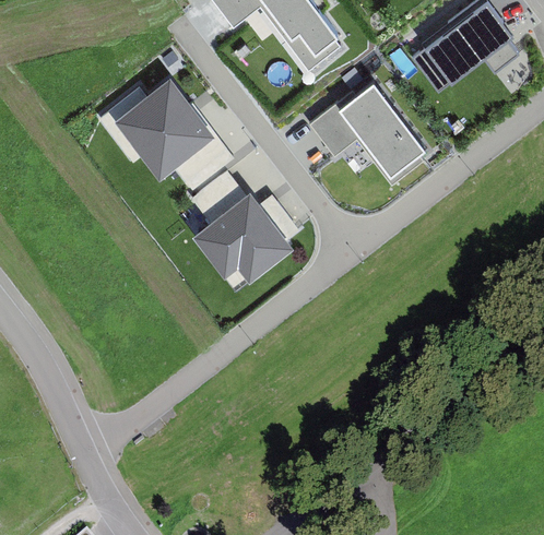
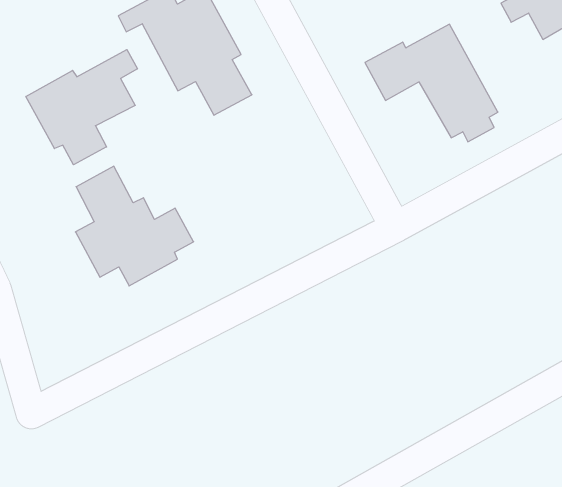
building: none -> [26,50,137,165]
building: [192,179,296,275] -> [75,166,194,286]

